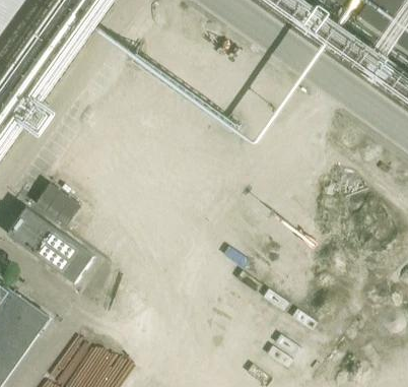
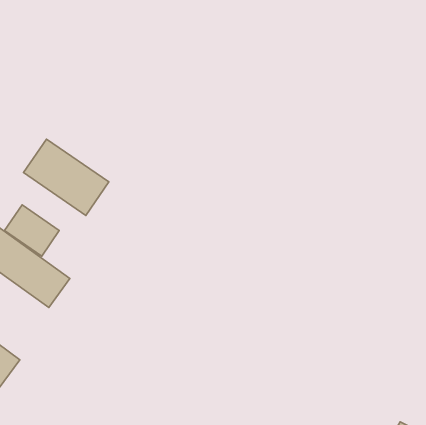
building: none -> [24,139,109,215]

